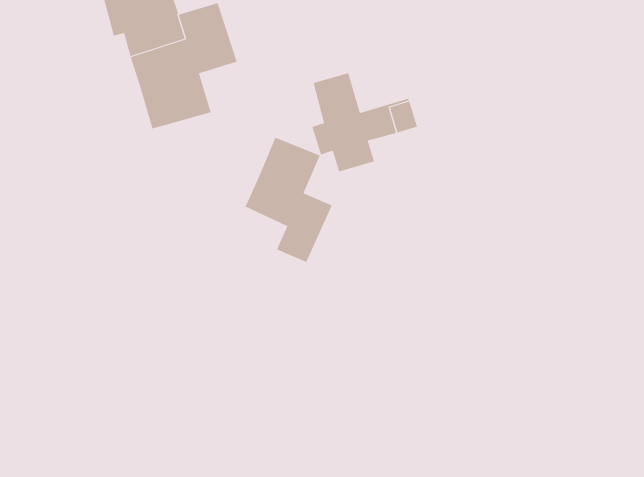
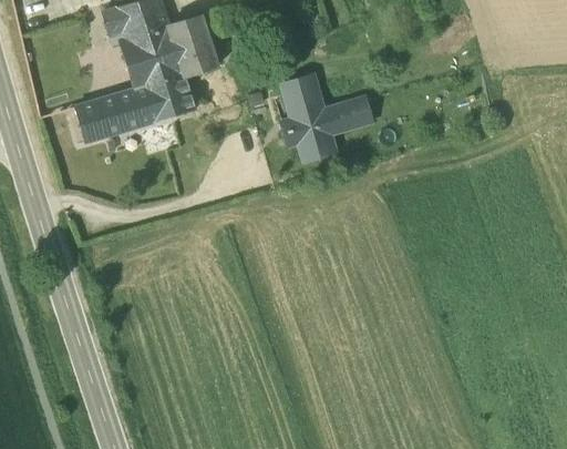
building: none -> [78,89,145,141]
building: [245,137,333,263] -> none

